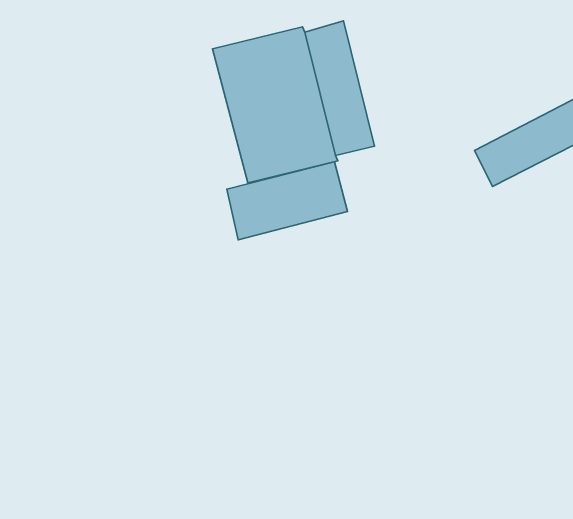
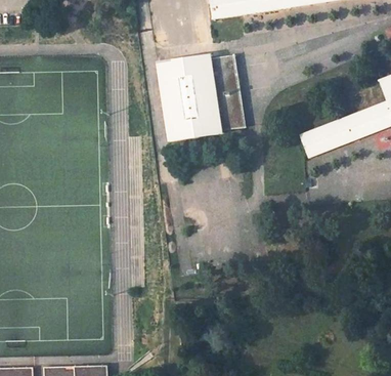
building: [227,162,347,240] -> none

